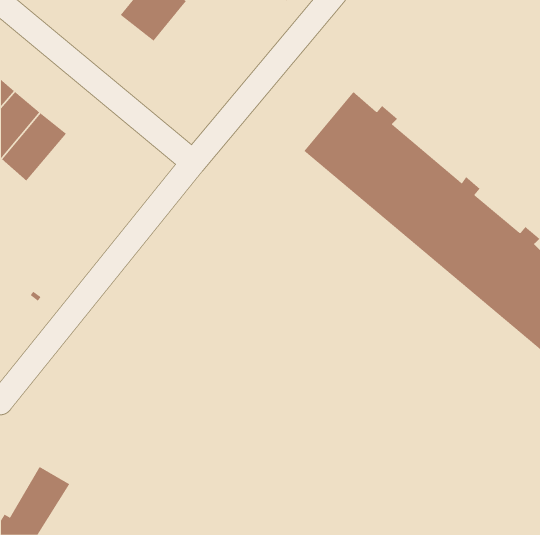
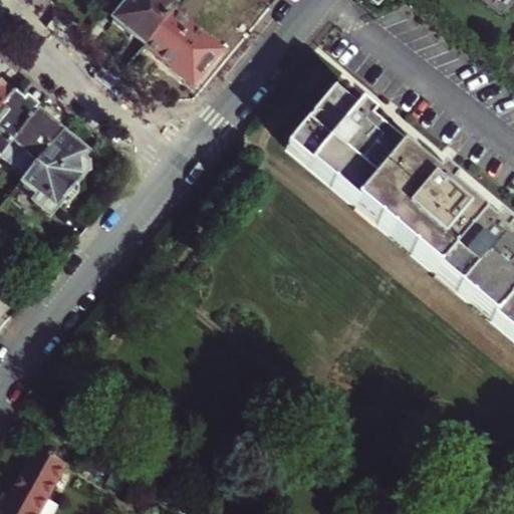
building: none -> [148,5,223,79]
building: none -> [18,126,90,212]

